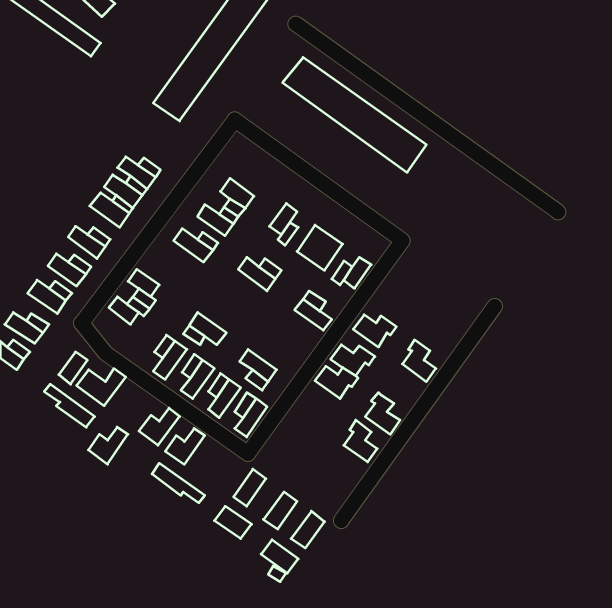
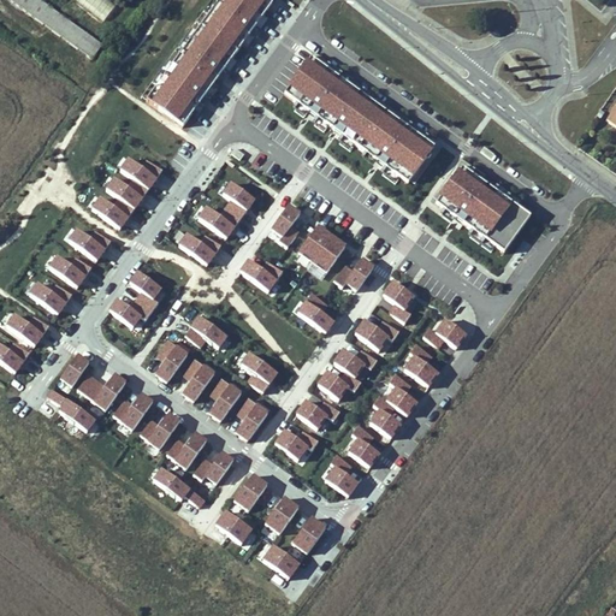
building: none -> [431,166,526,247]
building: none -> [384,280,414,321]
building: none -> [422,315,467,346]
building: none -> [383,373,417,414]
building: none -> [296,397,339,430]
building: none -> [274,427,318,458]
building: [88,427,128,464] -> [113,391,153,428]
building: none -> [192,449,233,482]
building: none -> [325,454,359,494]

